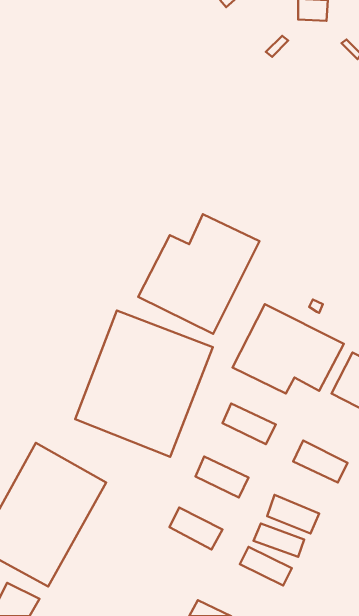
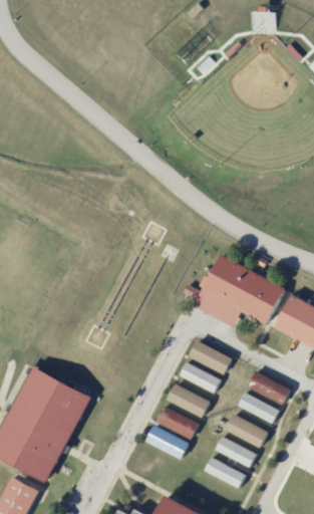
building: [138,214,260,334] -> none
building: [75,310,213,457] -> none
building: none -> [177,360,219,389]
building: none -> [235,389,276,420]
building: none -> [153,403,197,435]

